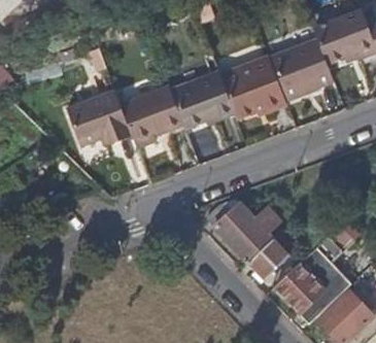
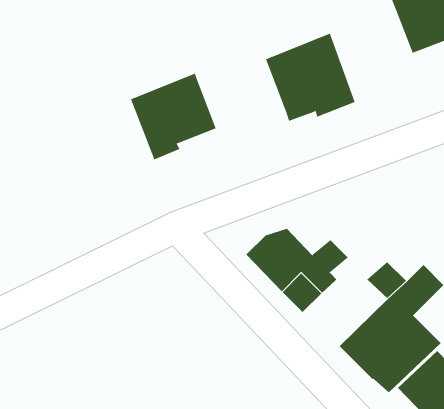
building: [270,37,334,99] -> none
building: [170,69,236,129] -> none
building: [67,89,133,146] -> none
building: [248,238,290,279] -> none

